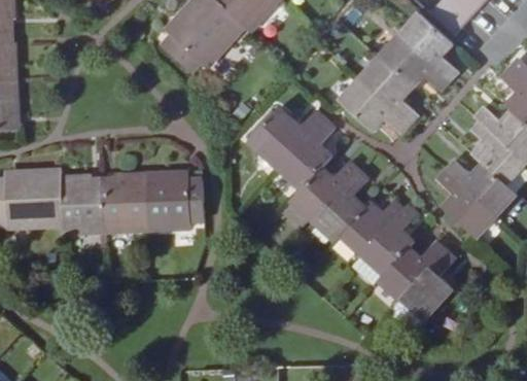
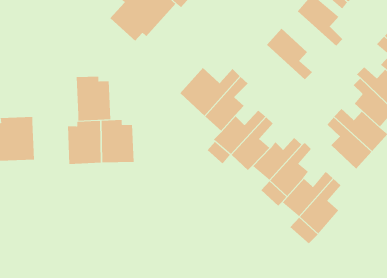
building: [380,34,450,90] -> none
building: [340,77,410,133] -> none
building: [62,175,107,233] -> [76,76,111,121]

